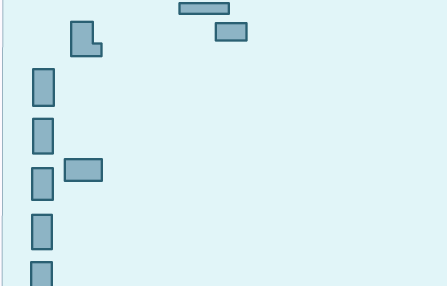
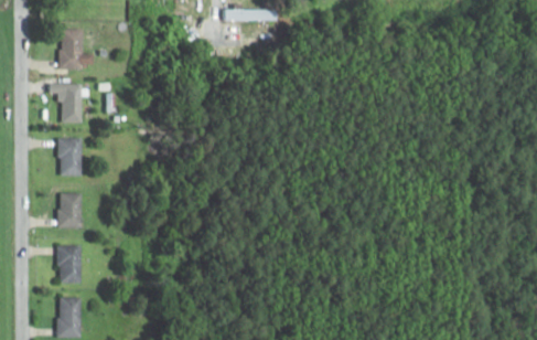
building: [71,22,102,56] -> [60,30,94,68]
building: [216,23,246,41] -> none
building: [65,159,102,181] -> none

